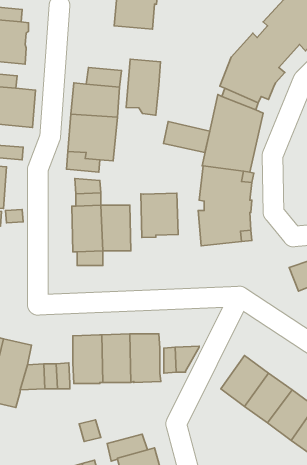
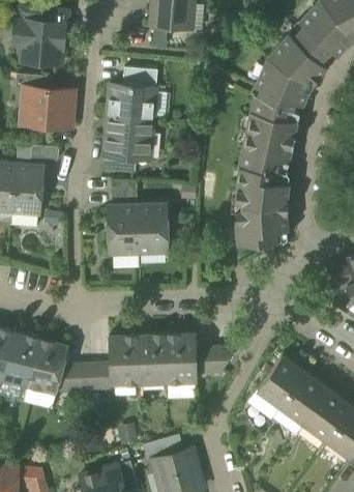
building: [126,59,161,115] -> none
building: [163,121,210,152] -> none
building: [141,193,178,237] -> none

